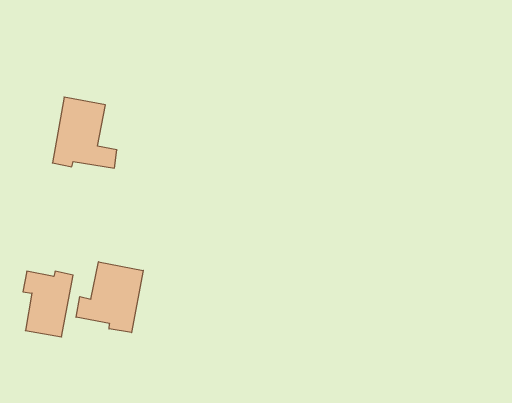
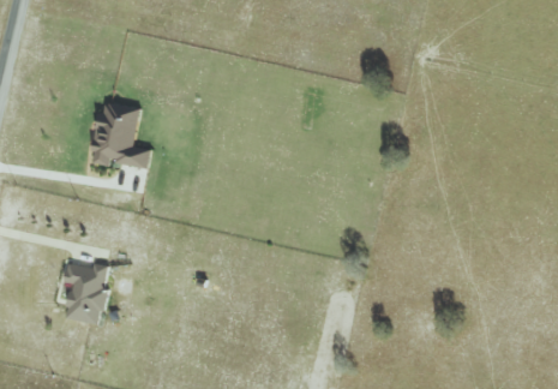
building: [76,262,143,333] -> none

